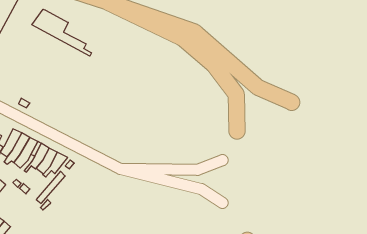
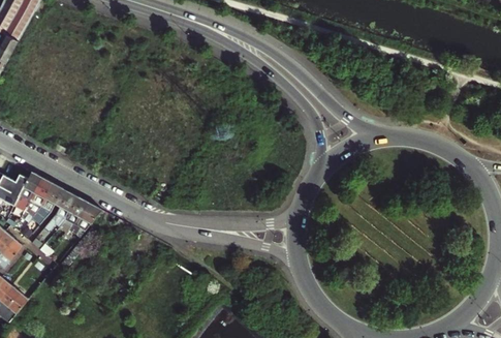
building: [32,9,91,56] -> none

